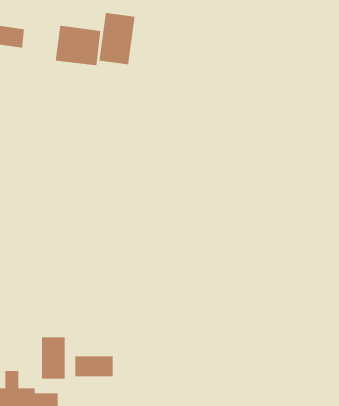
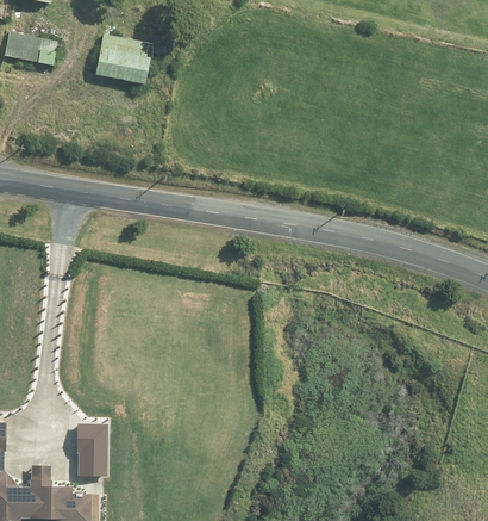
building: [99,12,135,65] -> none
building: [75,355,113,377] -> none

